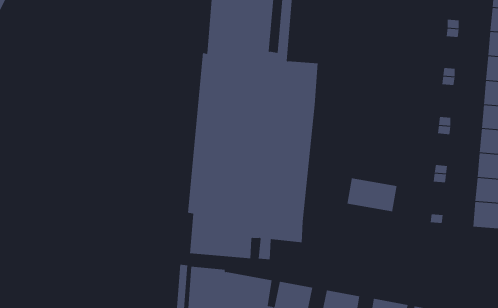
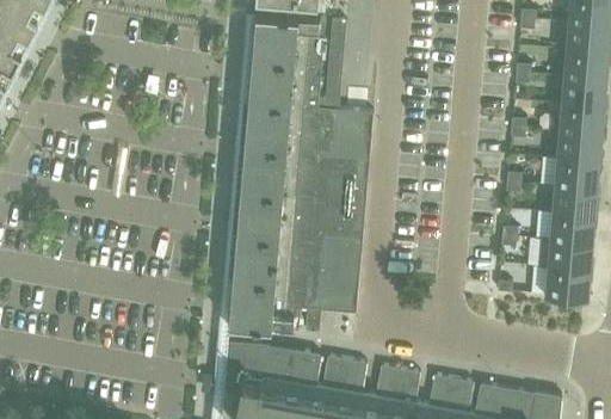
building: [347,177,397,212] -> none

